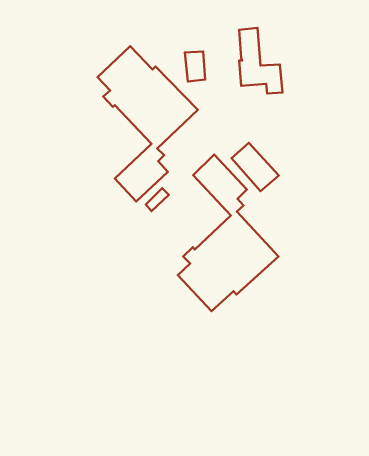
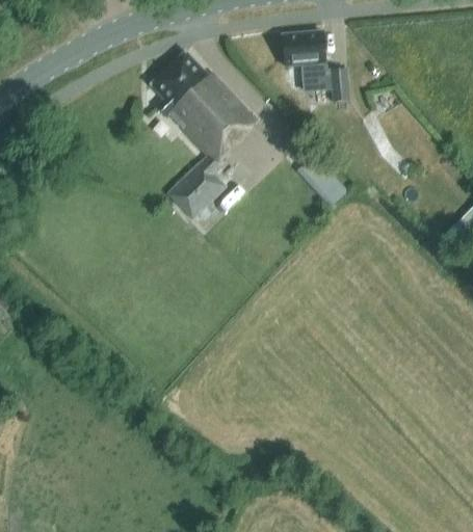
building: [185,51,205,81] -> [283,33,305,65]
building: [178,155,279,311] -> none

